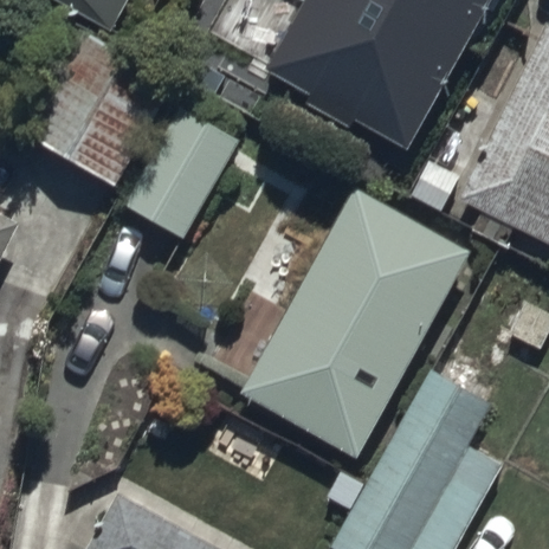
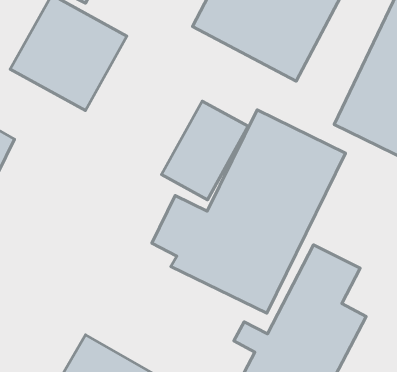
building: [123,106,241,241] -> [162,101,248,200]

